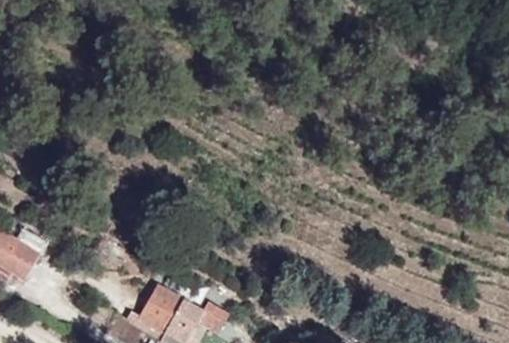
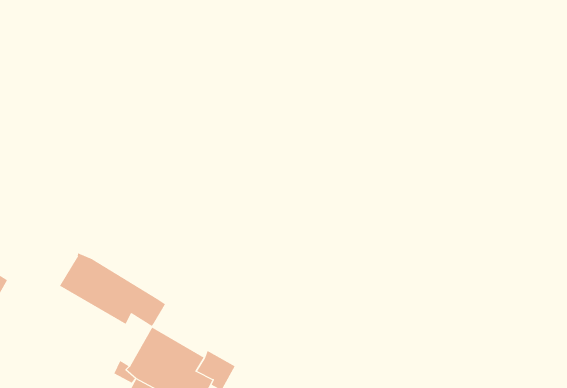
building: none -> [59,252,166,327]

